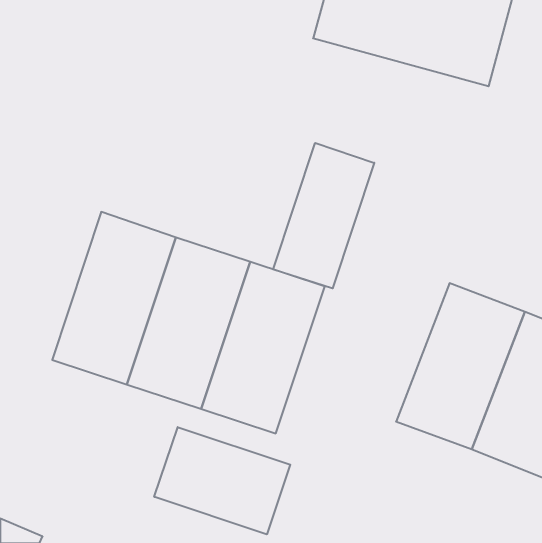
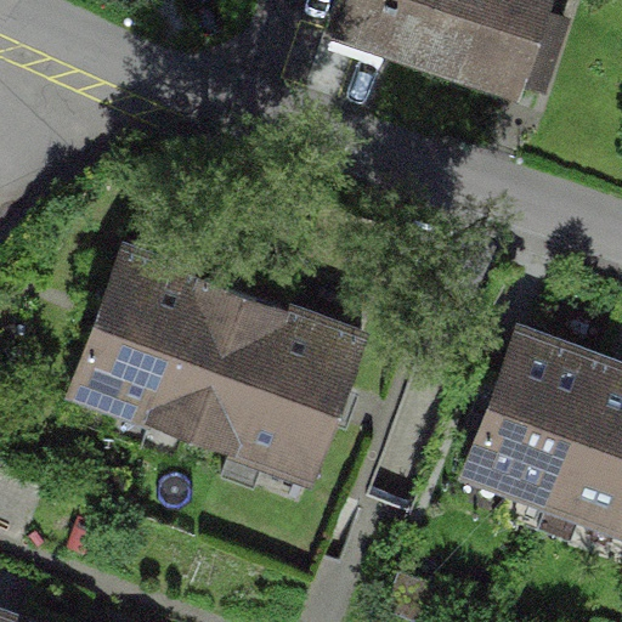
building: [273,143,374,288] -> none
building: [154,427,290,534] -> none

